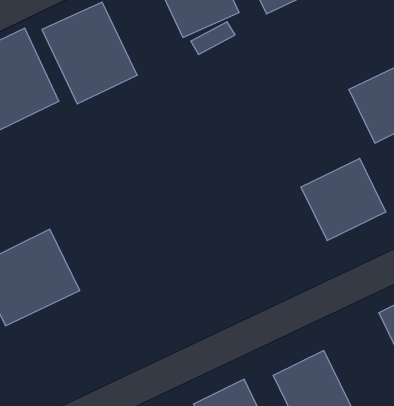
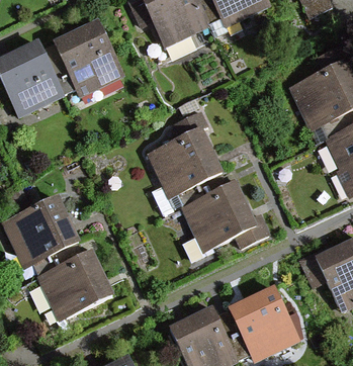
building: none -> [148,130,214,194]
building: [301,158,386,241] -> [182,185,248,249]
building: none -> [38,253,105,316]

